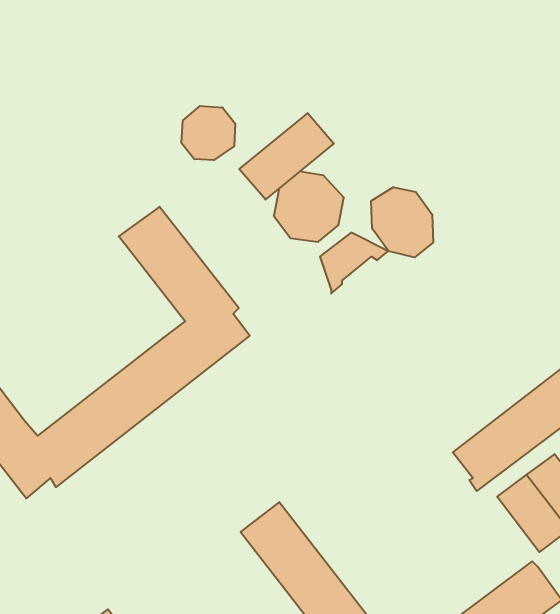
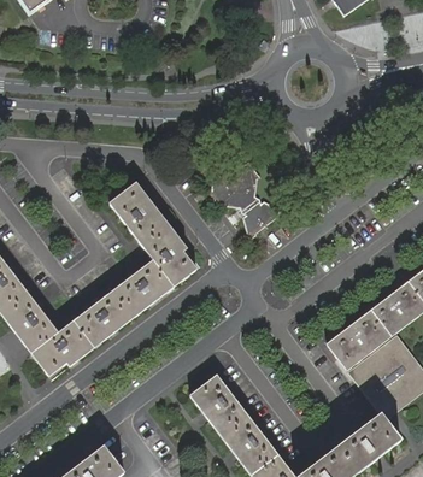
building: [182,106,235,160] -> none
building: [239,113,334,200] -> none
building: [371,187,433,257] -> none

